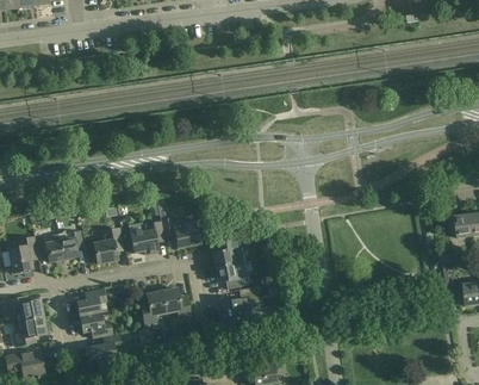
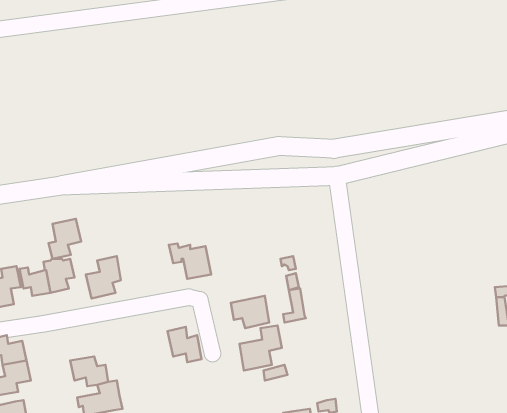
building: none -> [49,219,81,259]
building: [129,221,164,254] -> none
building: [212,238,244,267] -> none
building: [76,287,106,316] -> none
building: [141,291,167,324] -> none

